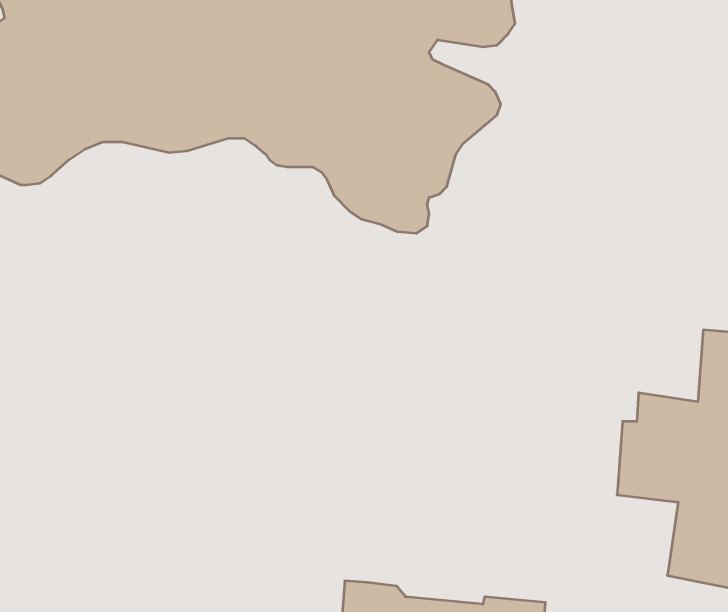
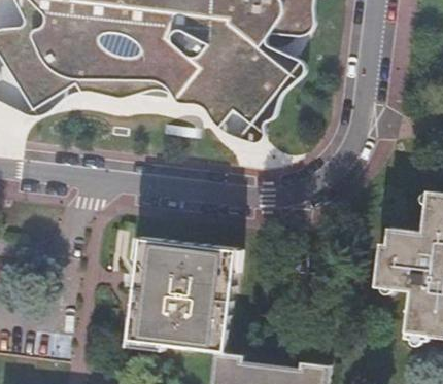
building: none -> [131,235,241,349]

